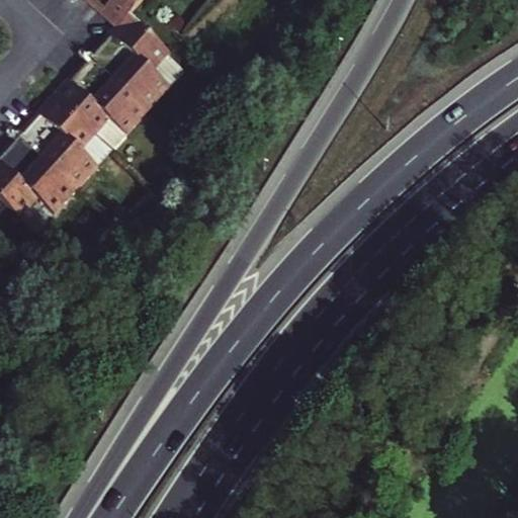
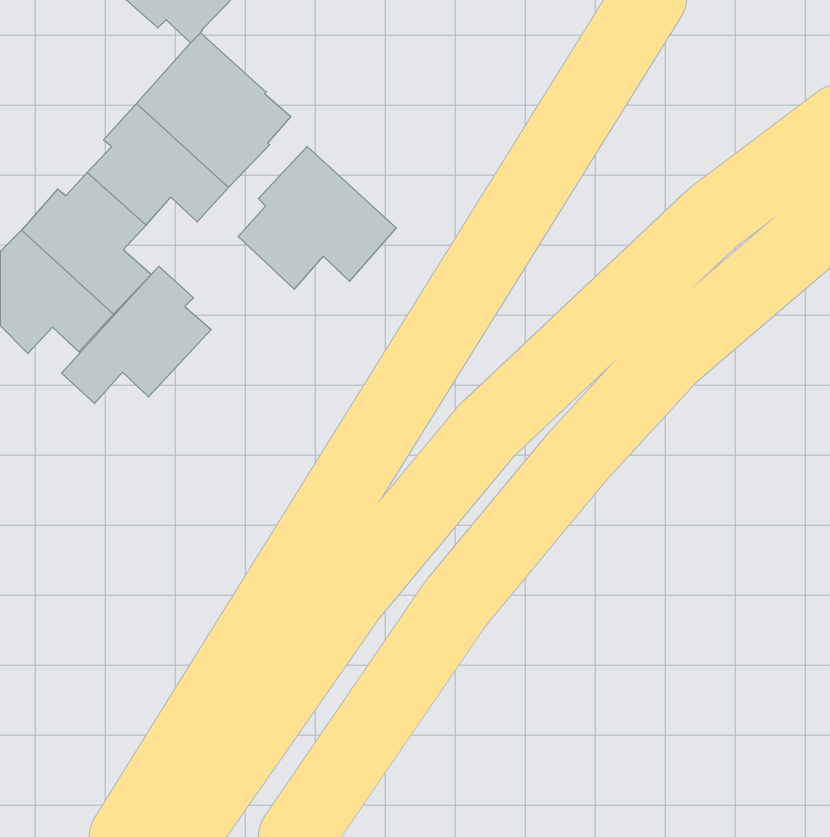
building: none -> [238,146,396,289]
building: none -> [62,266,211,403]

